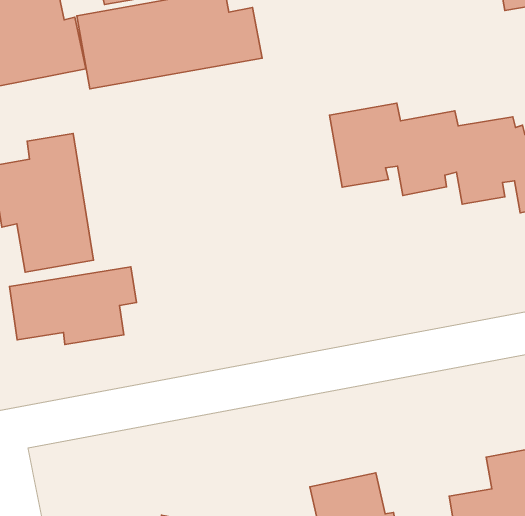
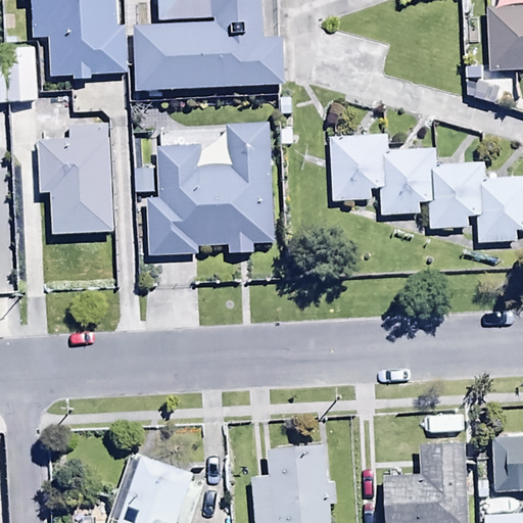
building: none -> [149,123,277,255]
building: [9,267,136,344] -> none

